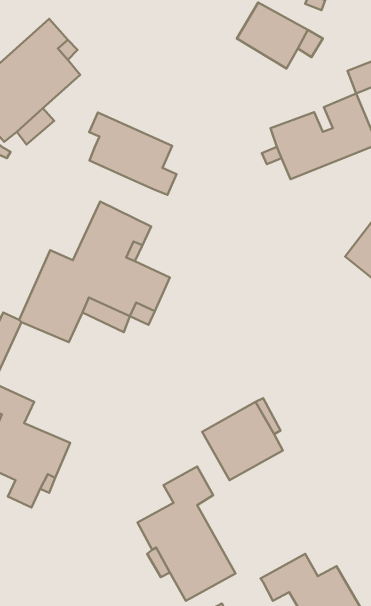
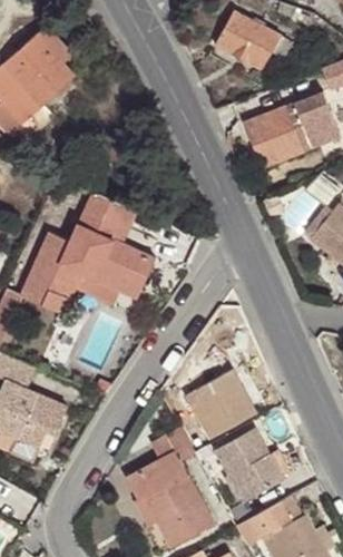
building: [89,113,177,195] -> none
building: none -> [215,428,283,501]

